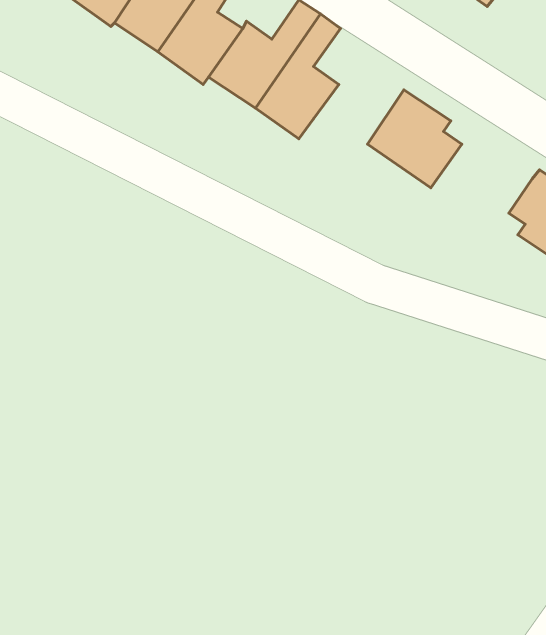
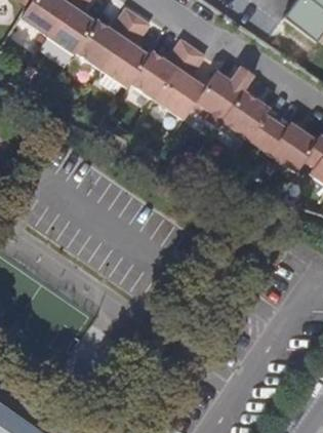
building: none -> [191,67,253,127]
building: none -> [257,121,315,170]

